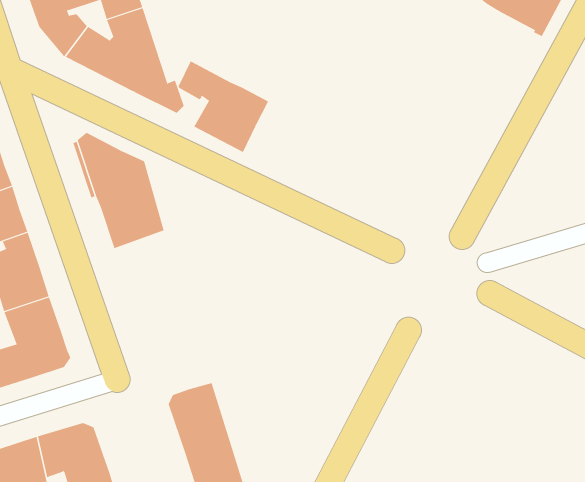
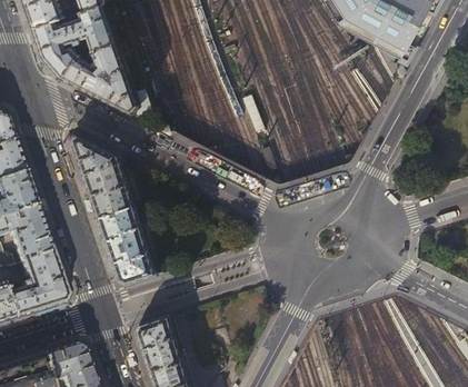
building: [178,61,269,153] -> none
building: none -> [98,201,157,281]

